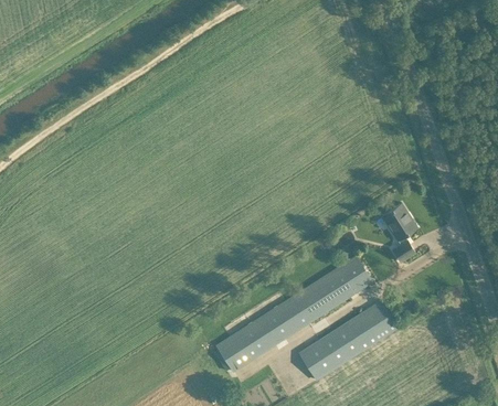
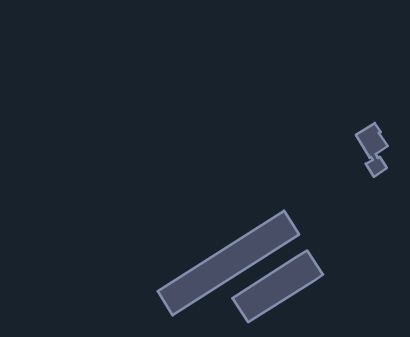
building: [380,203,415,263] -> [356,123,388,177]

